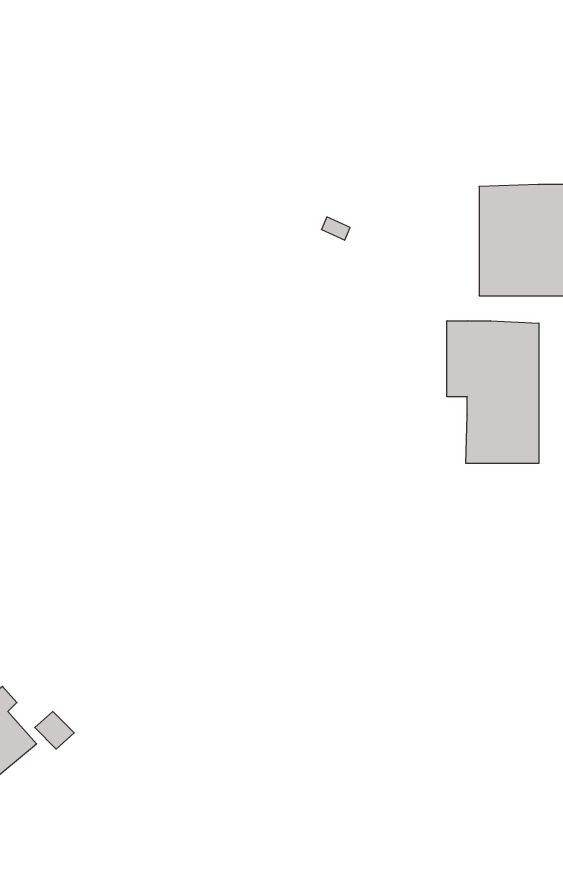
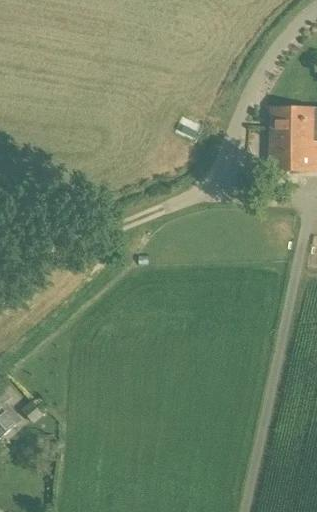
building: [447,321,539,463] -> none

